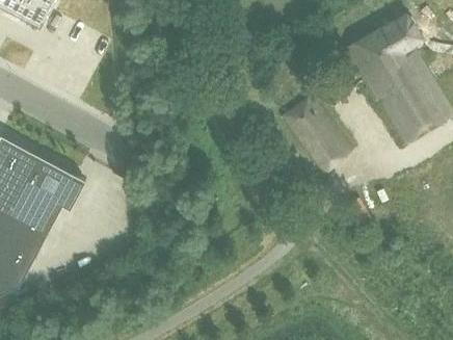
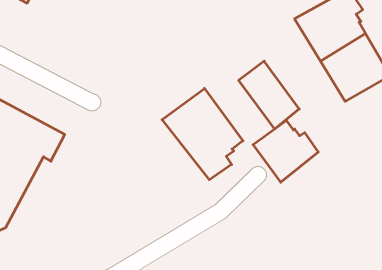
building: none -> [162,88,243,180]
building: none -> [253,121,318,182]

